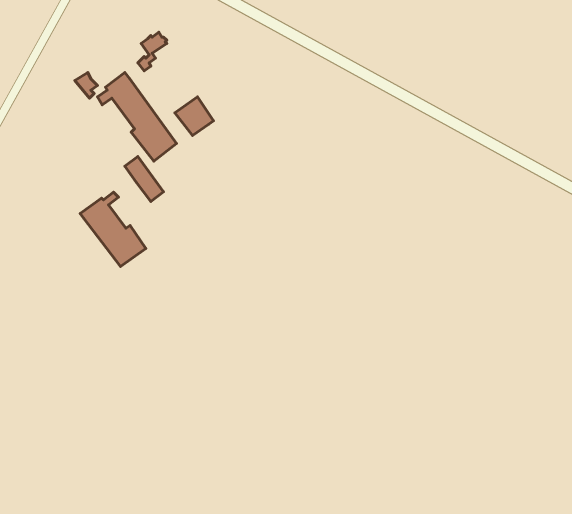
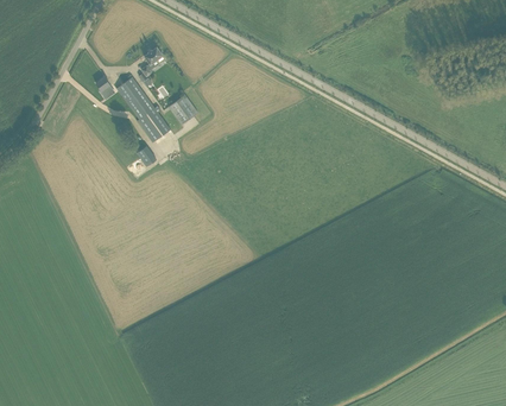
building: [80,192,146,266] -> none

